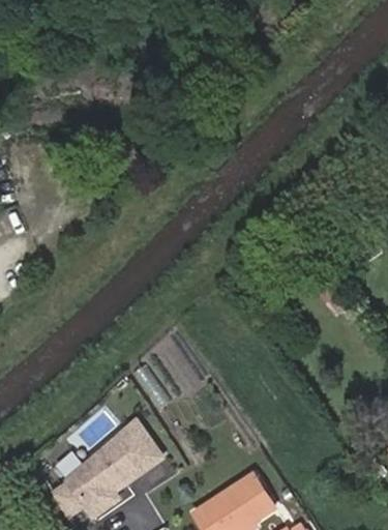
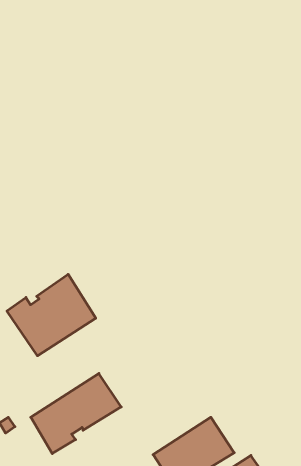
building: none -> [7,274,96,356]

